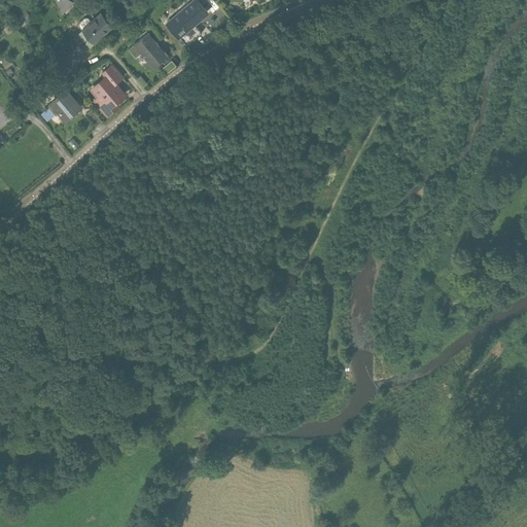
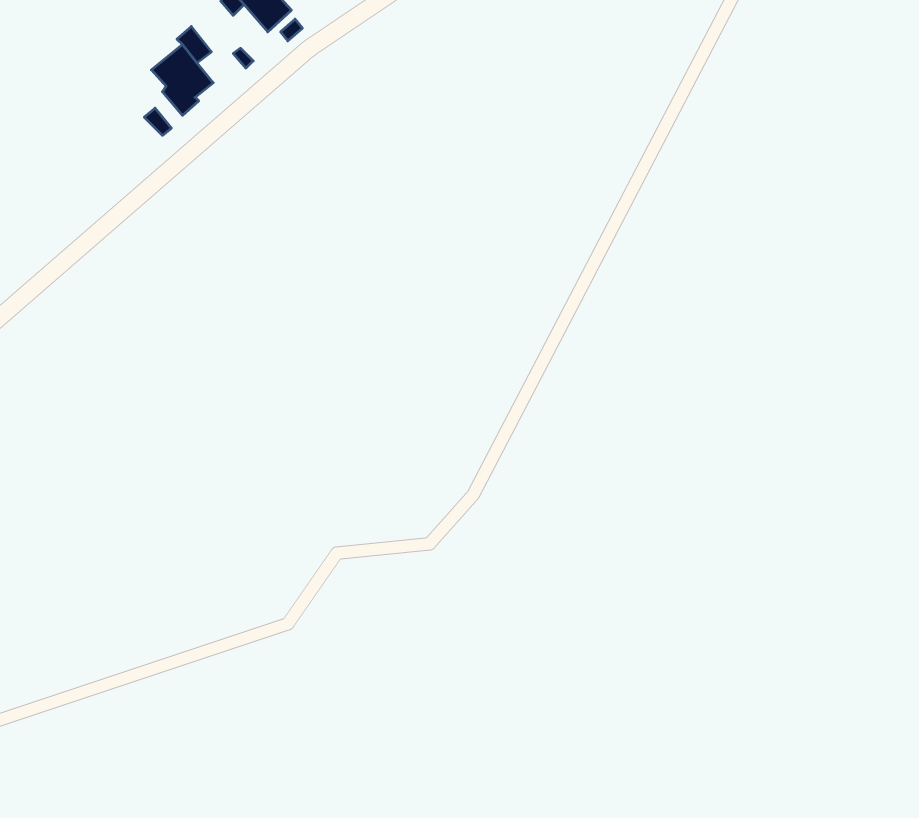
building: [48,91,81,124] -> none

